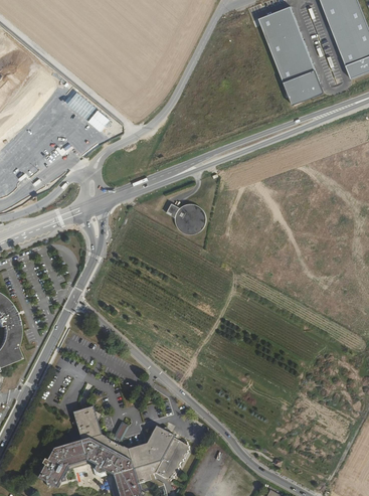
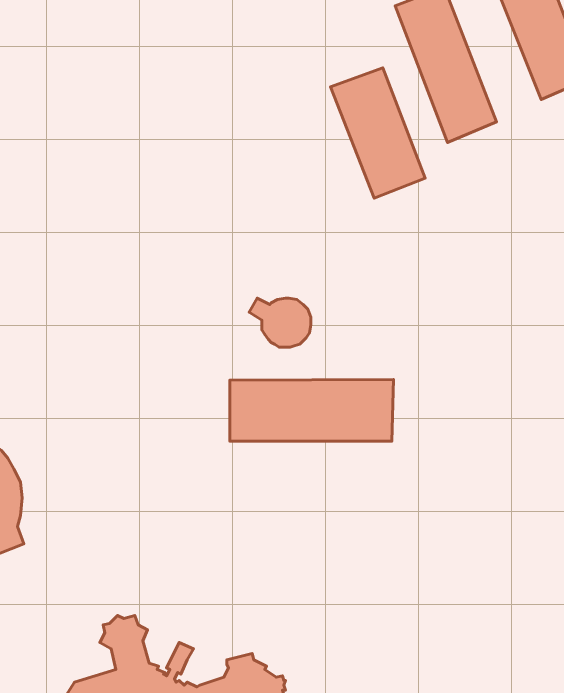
building: none -> [331,68,425,198]
building: none -> [230,380,394,441]

